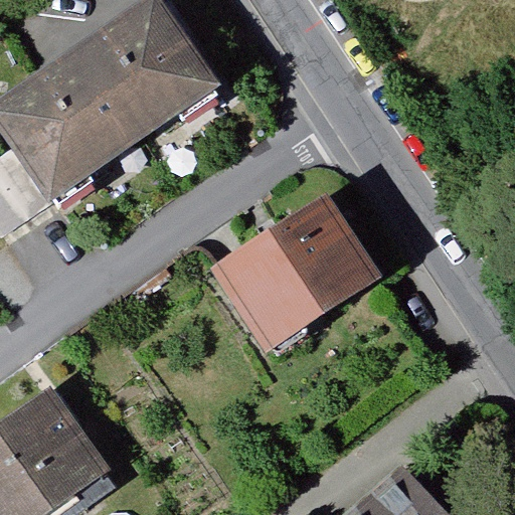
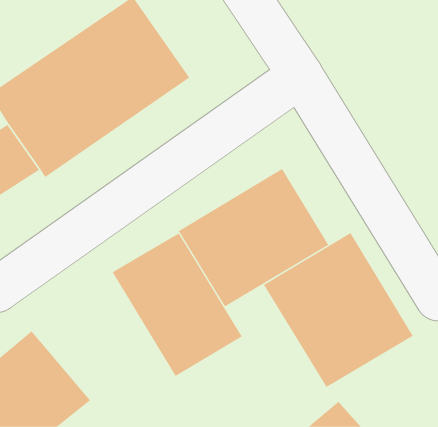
building: none -> [263,232,413,388]
building: none -> [112,233,242,377]

